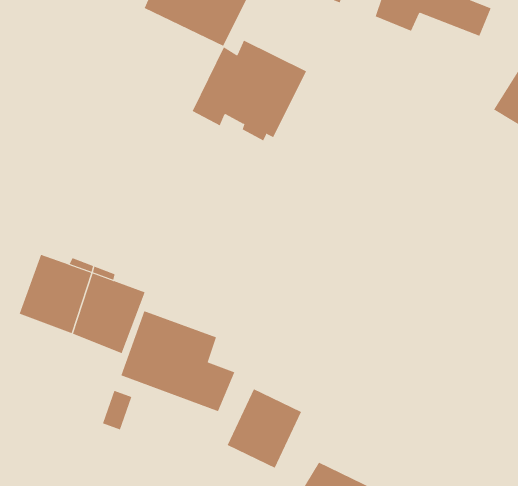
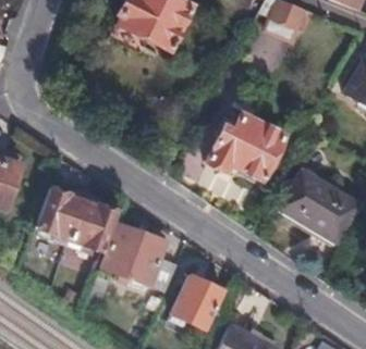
building: [192,40,307,141] -> [207,114,282,180]
building: none -> [281,172,357,241]

